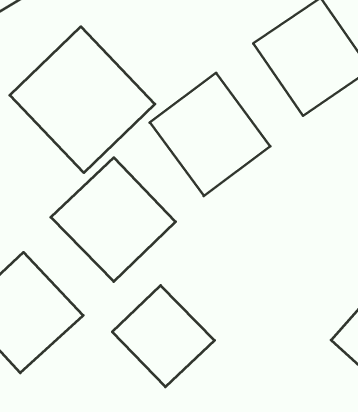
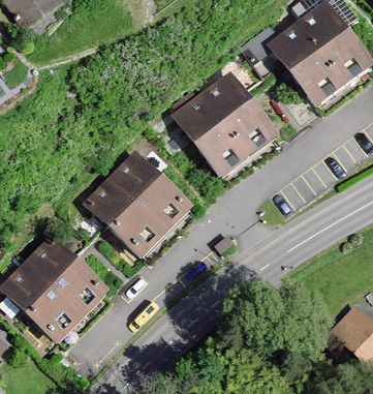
building: [10,27,155,173] -> none
building: [112,285,215,387] -> none

